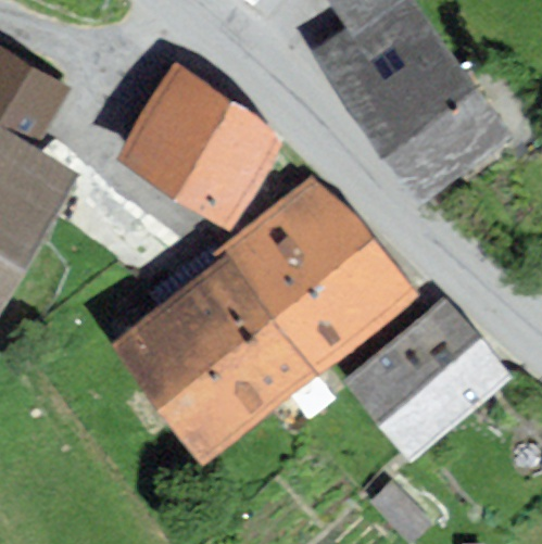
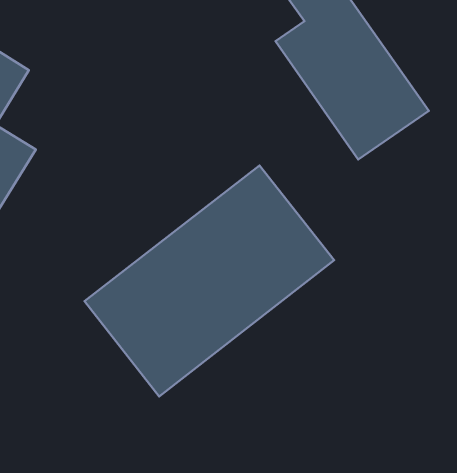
building: [133,79,275,213] -> none
building: [356,304,504,446] -> none

